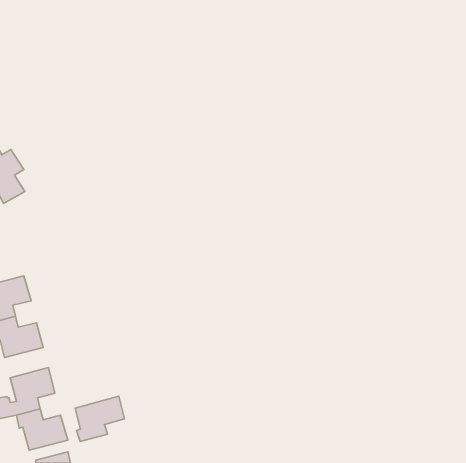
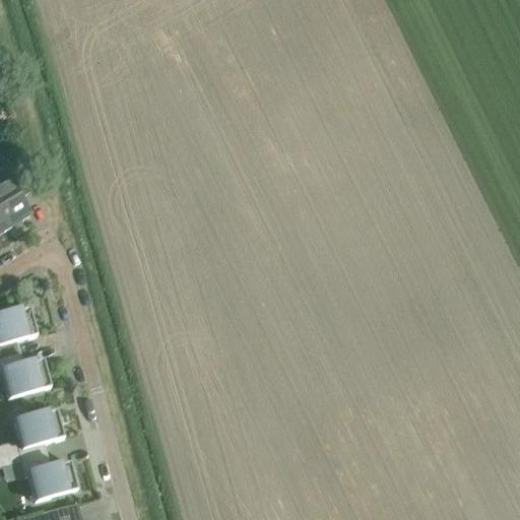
building: [75,396,124,442] -> none

